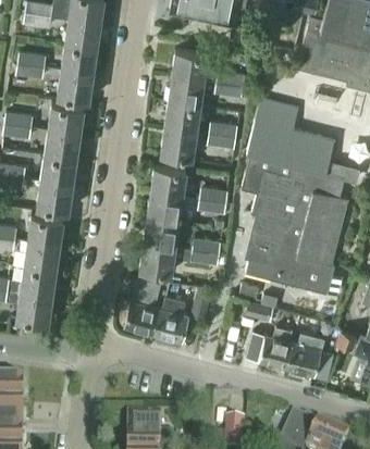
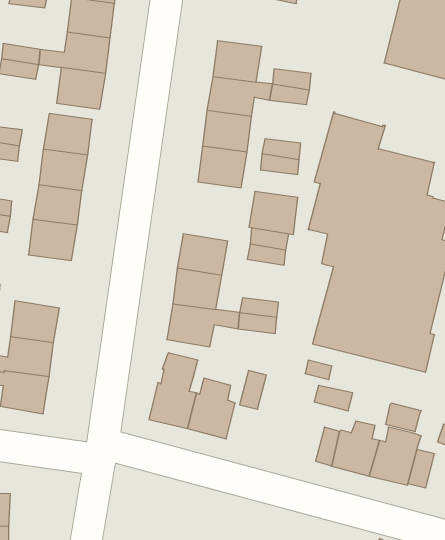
building: [150,164,186,196] -> [249,192,298,235]
building: [27,213,63,245] -> none

